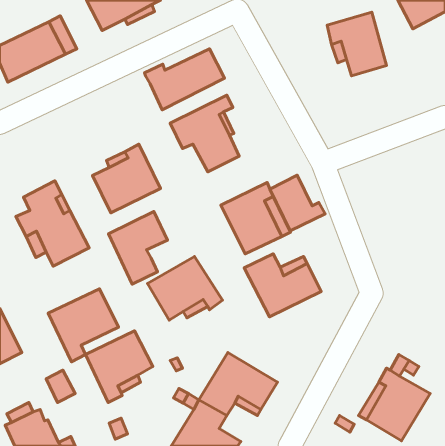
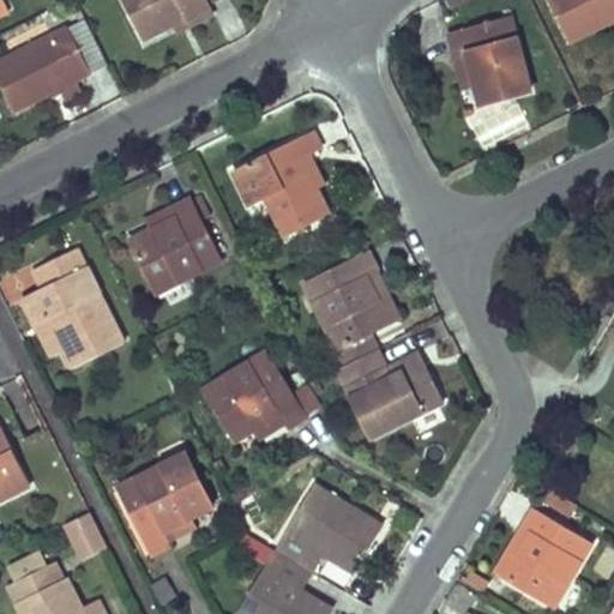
building: [144,49,224,110] -> none
building: [270,175,325,231] -> none
building: [109,211,168,284] -> none
building: [48,289,118,362] -> none

